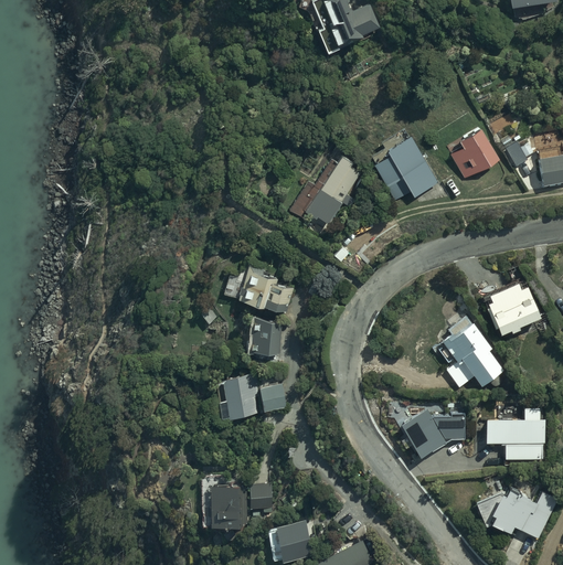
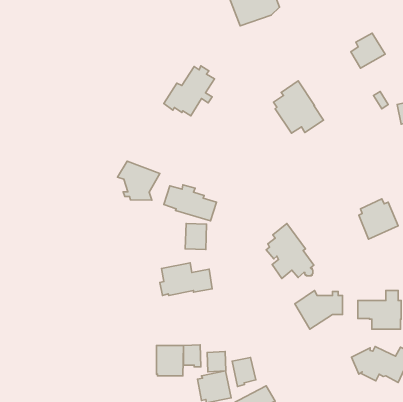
building: [452,128,498,175] -> [351,33,385,68]
building: [293,156,361,223] -> [164,66,215,116]
building: none -> [118,161,160,200]
building: [439,317,503,391] -> [266,223,314,278]
building: none -> [207,352,226,372]
building: none -> [232,358,256,386]

